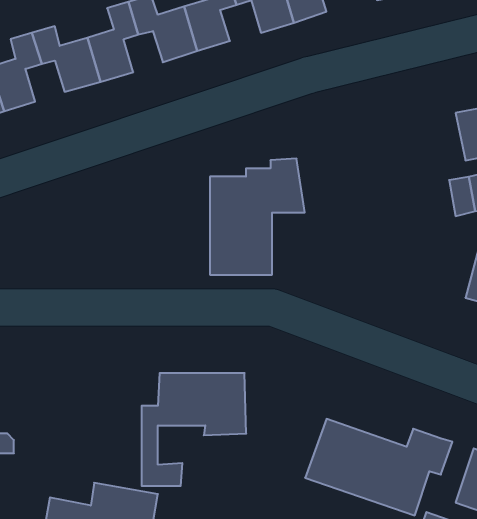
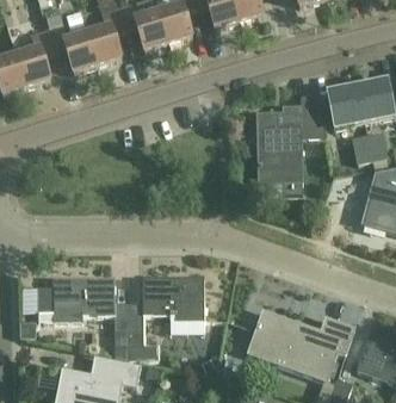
building: none -> [327,87,364,128]
building: [210,159,305,275] -> [258,98,327,182]
building: none -> [38,278,128,359]

